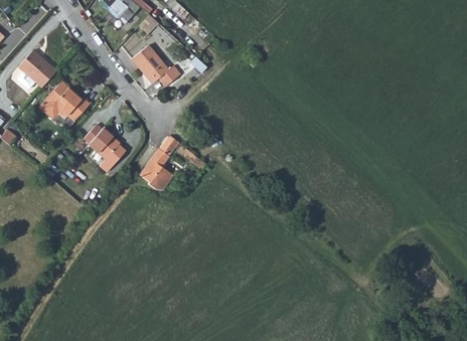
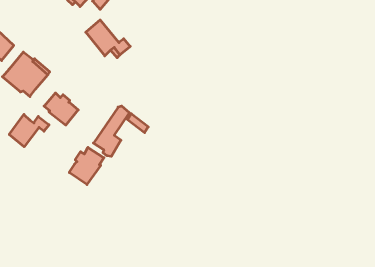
building: none -> [9,114,49,147]
building: none -> [69,147,104,185]

